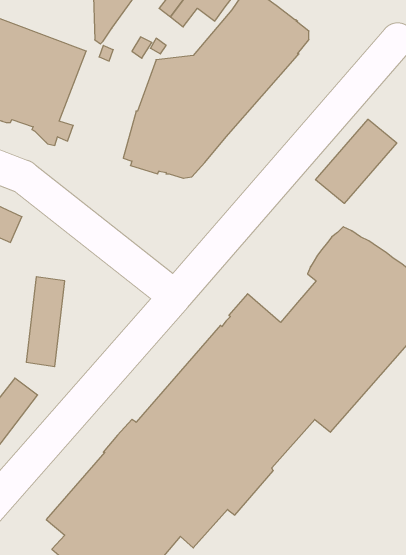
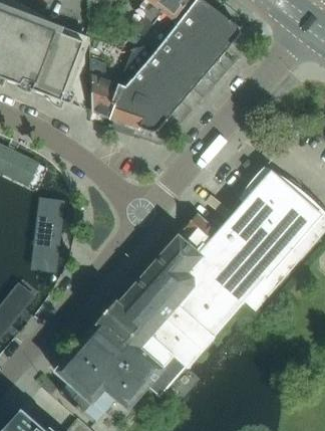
building: none -> [90,58,117,117]
building: [316,119,397,203] -> none

